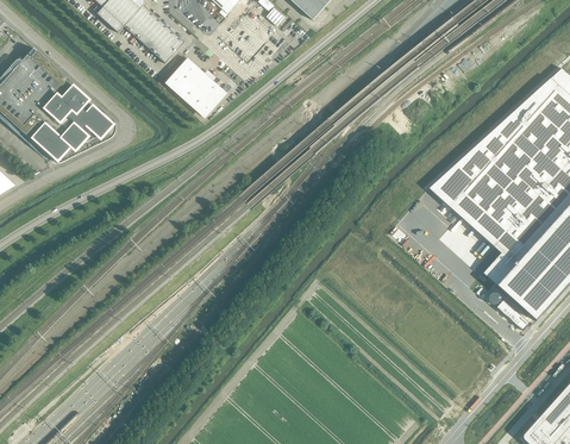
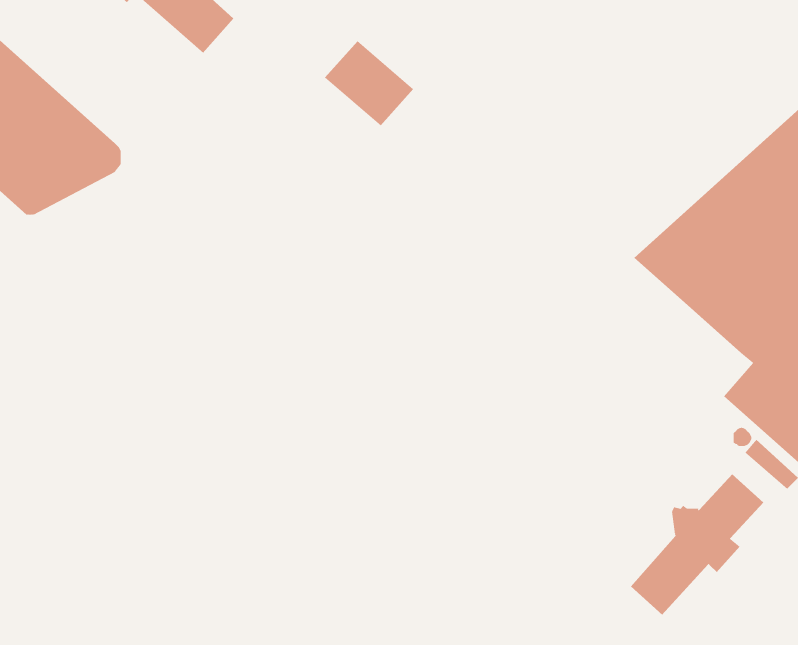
building: [167,57,221,110] -> [324,41,414,126]
building: none -> [630,473,764,616]

